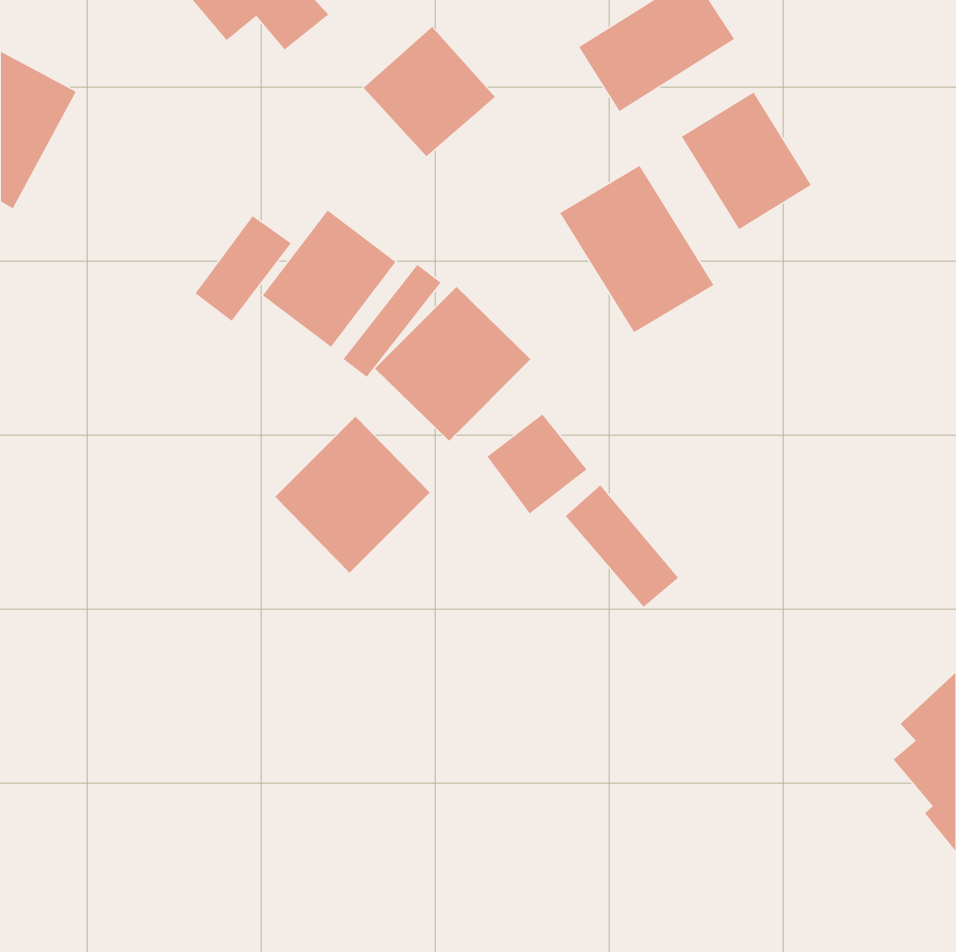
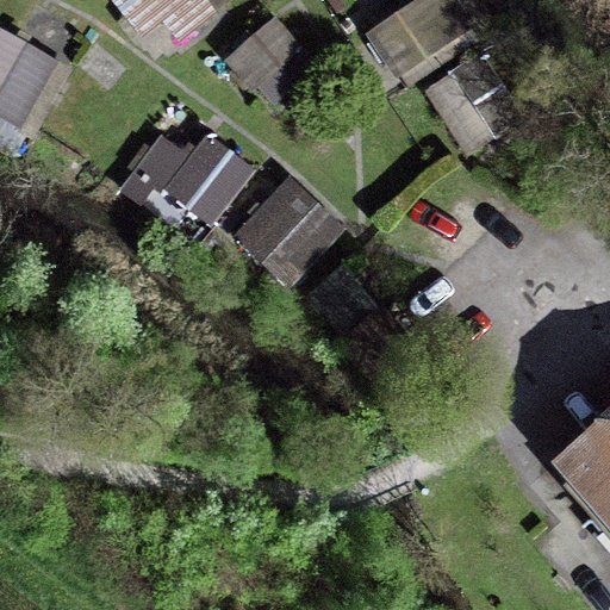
building: [559,165,714,333] -> none
building: [275,416,430,574] -> none

